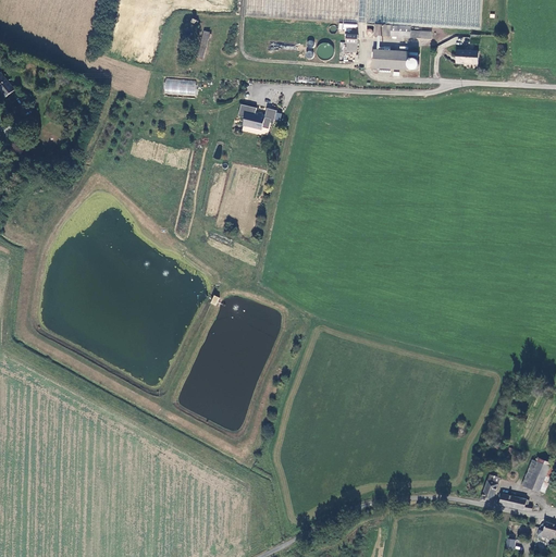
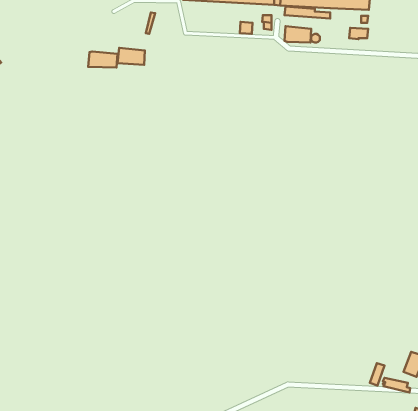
building: none -> [88,51,117,68]
building: [238,103,275,127] -> none

